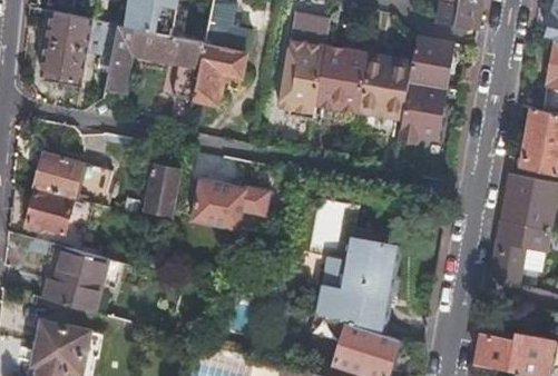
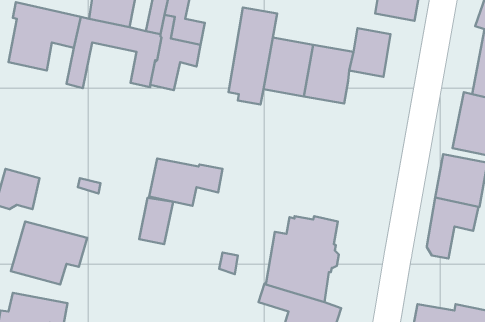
building: [399,83,444,141] -> none
building: [36,154,111,208] -> none
building: [144,168,180,218] -> [139,198,173,244]

